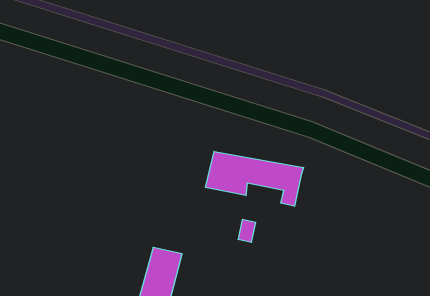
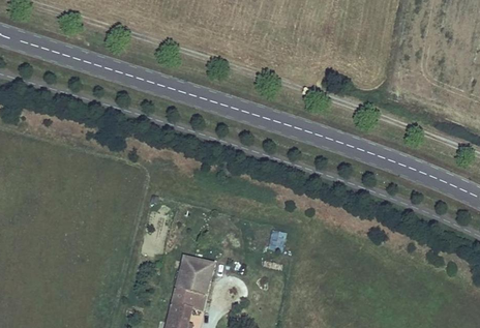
building: [206,151,303,206] -> none

